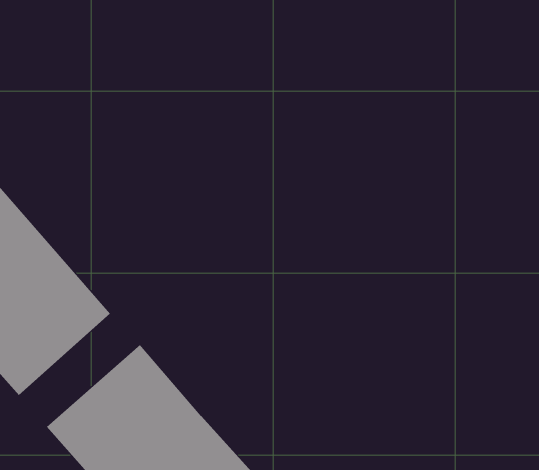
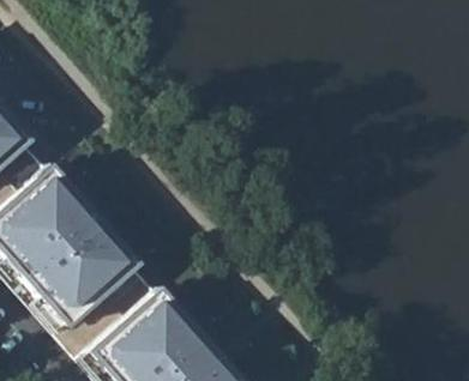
building: none -> [56,255,146,339]

